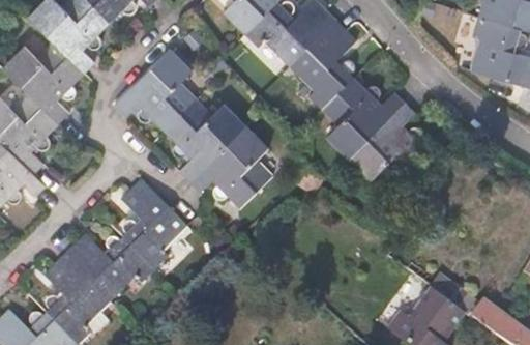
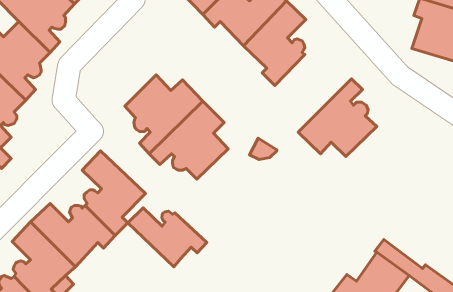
building: [113,48,197,131] -> none
building: [323,76,405,159] -> none
building: none -> [128,208,207,267]

